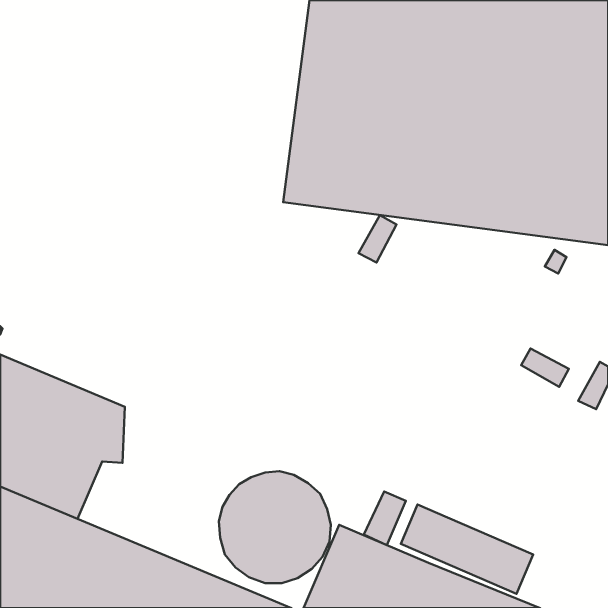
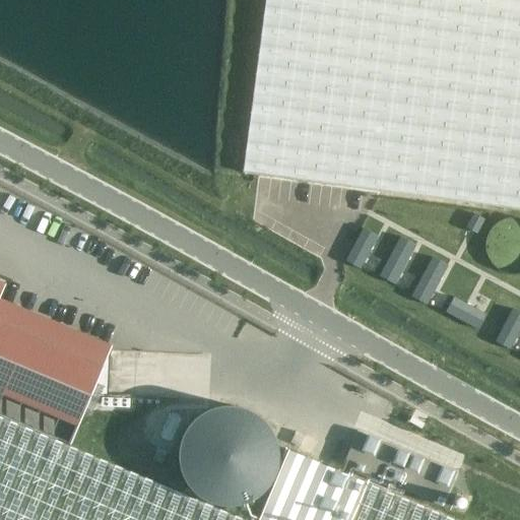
building: [359,215,397,263] -> [344,229,377,269]
building: none -> [378,237,415,284]
building: none -> [410,257,447,305]
building: [364,491,406,545] -> none

